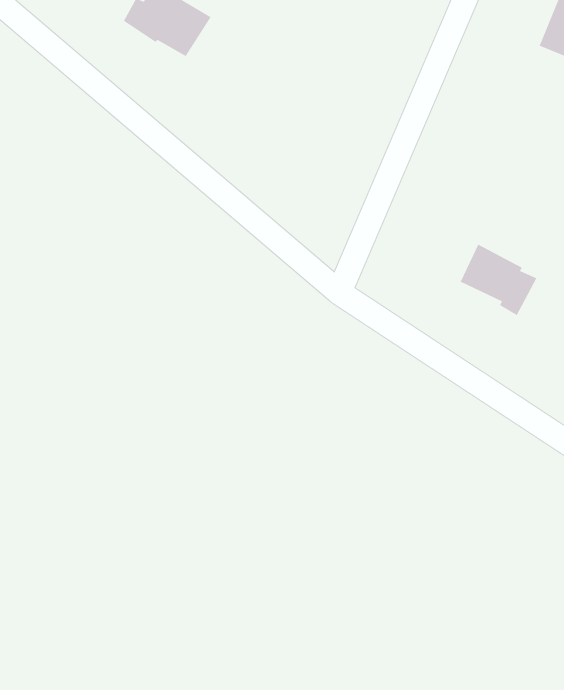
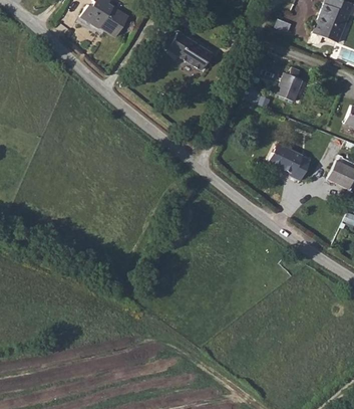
building: none -> [175,36,212,71]
building: none -> [275,66,303,101]

